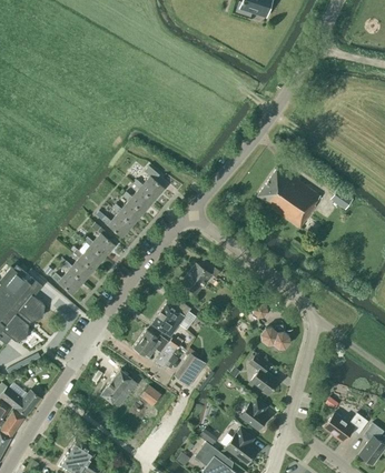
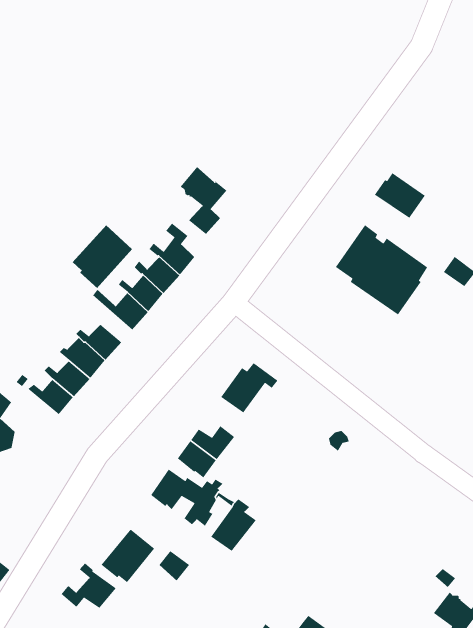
building: none -> [179,166,228,235]
building: none -> [374,172,426,219]
building: none -> [72,225,133,289]
building: [261,326,290,349] -> none
building: [249,355,279,395] -> none
building: none -> [61,563,117,609]
building: [240,399,268,431] -> none

